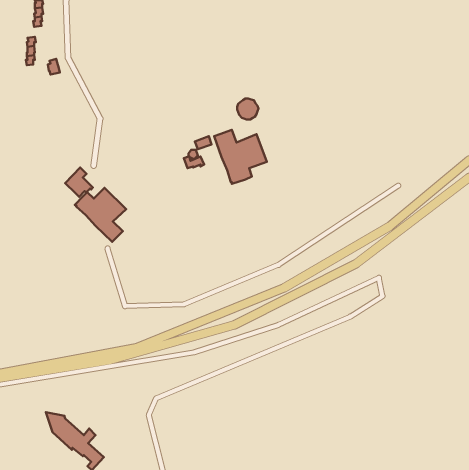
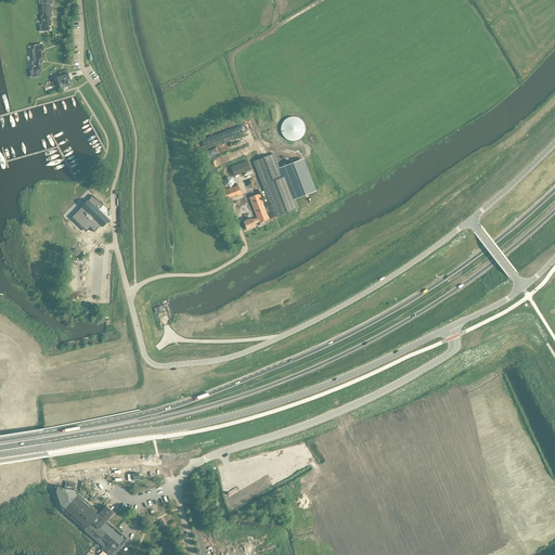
building: none -> [243,193,272,229]
building: [75,188,126,242] -> none

